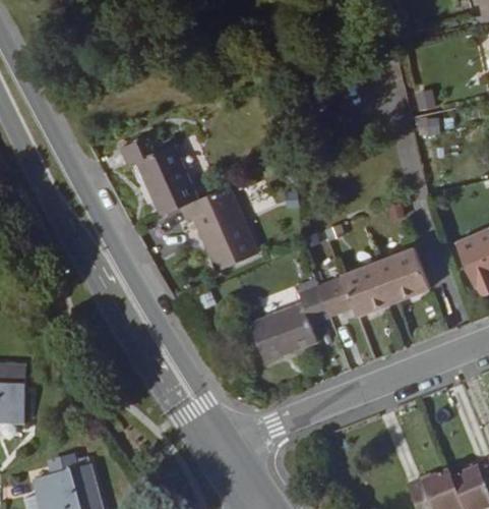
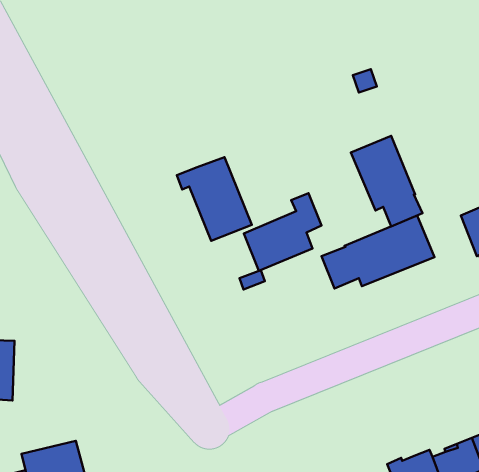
building: [125,124,200,209] -> none
building: none -> [351,136,423,226]
building: [260,283,339,361] -> [244,193,322,271]

